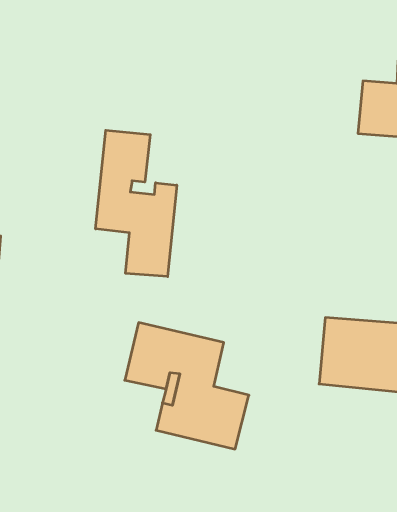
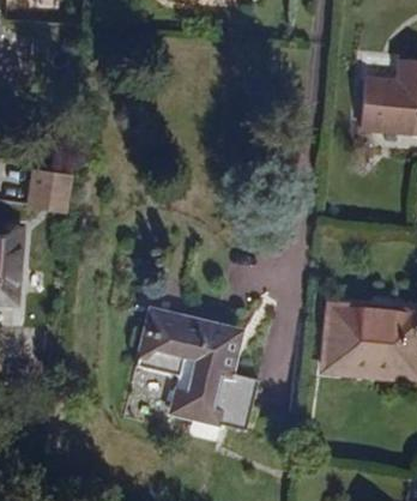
building: [96,130,177,277] -> none
building: none -> [30,169,70,207]

